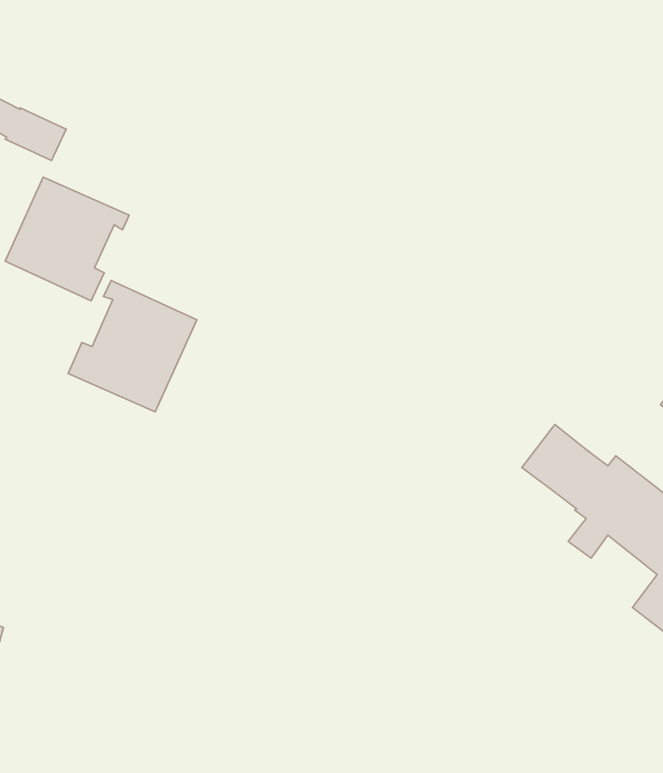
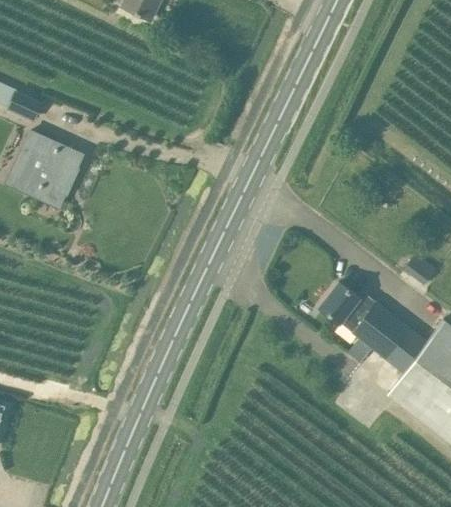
building: [68,280,197,412] -> none

